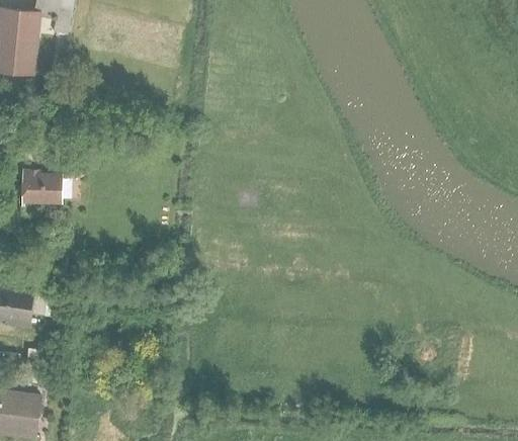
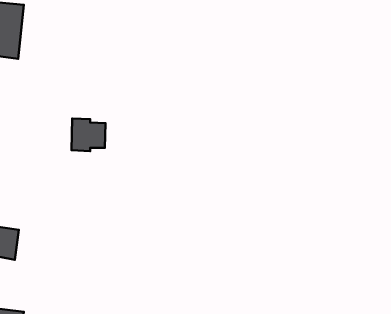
building: [18,169,61,209] -> [71,118,106,151]

